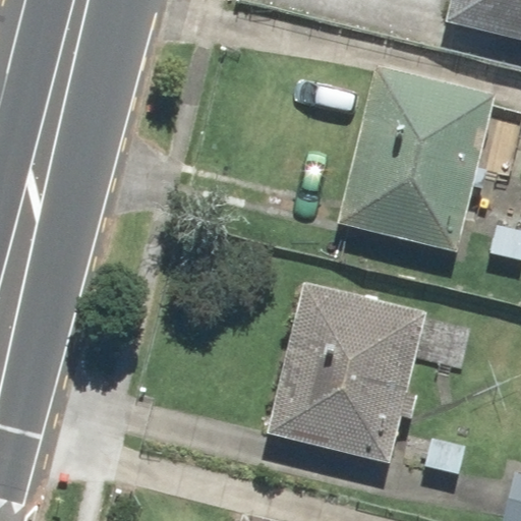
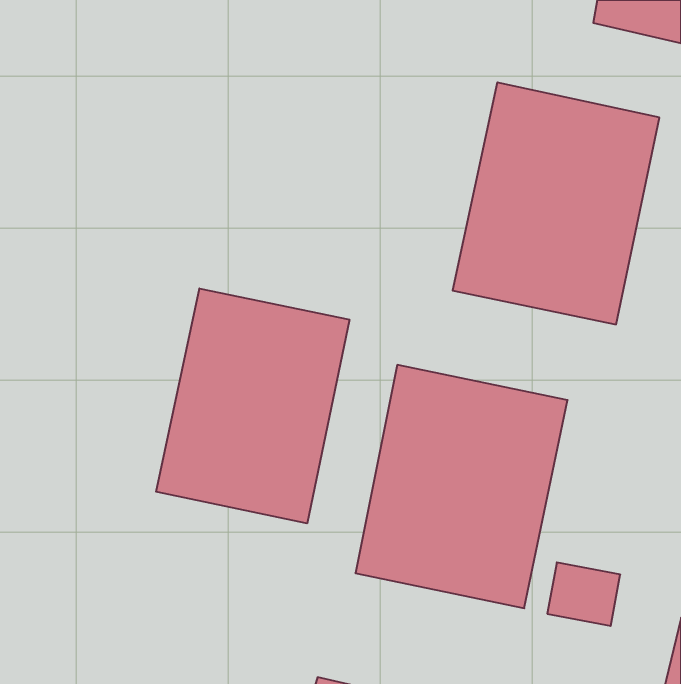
building: none -> [156,288,349,523]

